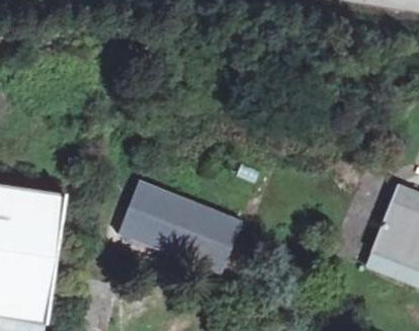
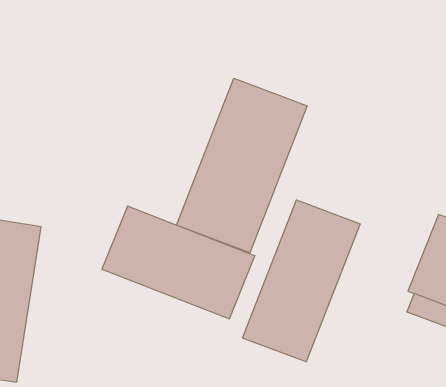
building: none -> [176,78,307,253]
building: none -> [242,200,360,362]

